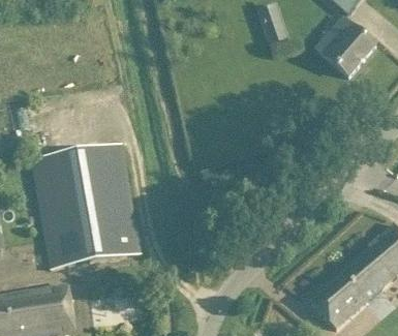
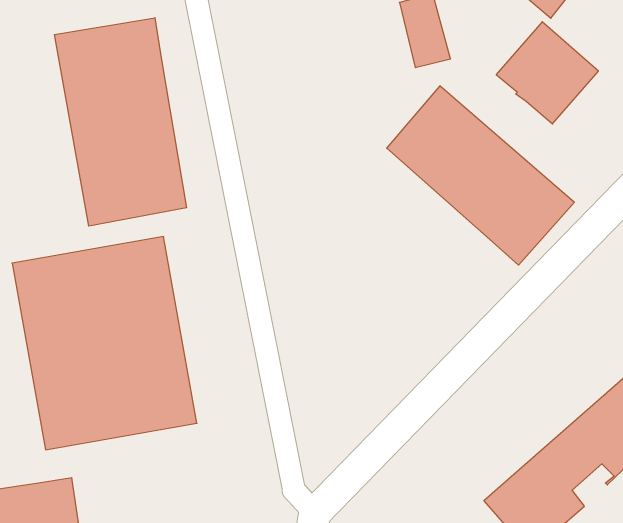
building: none -> [54,18,187,226]
building: none -> [387,86,574,265]

